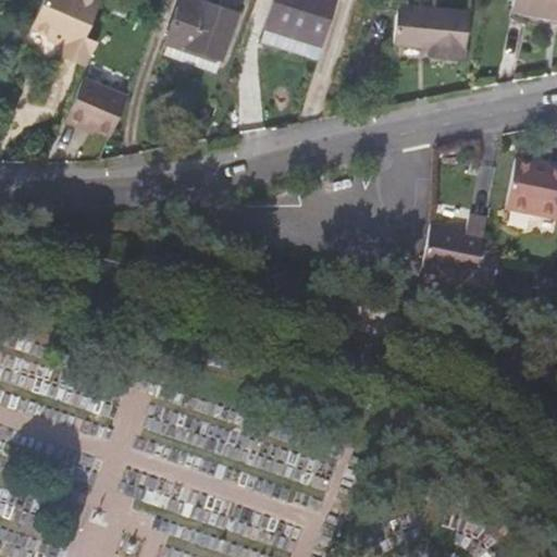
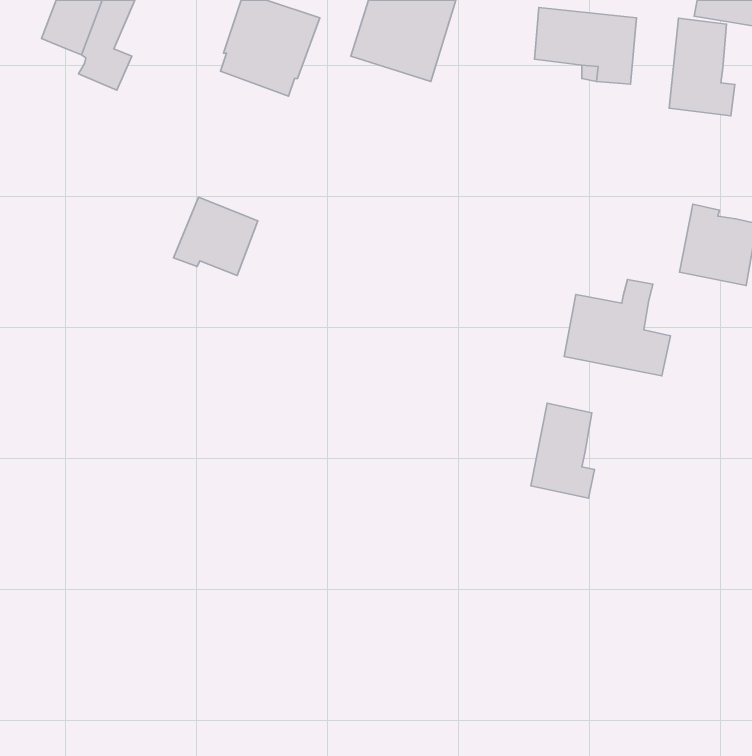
building: none -> [669,18,735,116]
building: [69,73,131,131] -> [173,197,258,276]
building: none -> [531,403,595,498]

